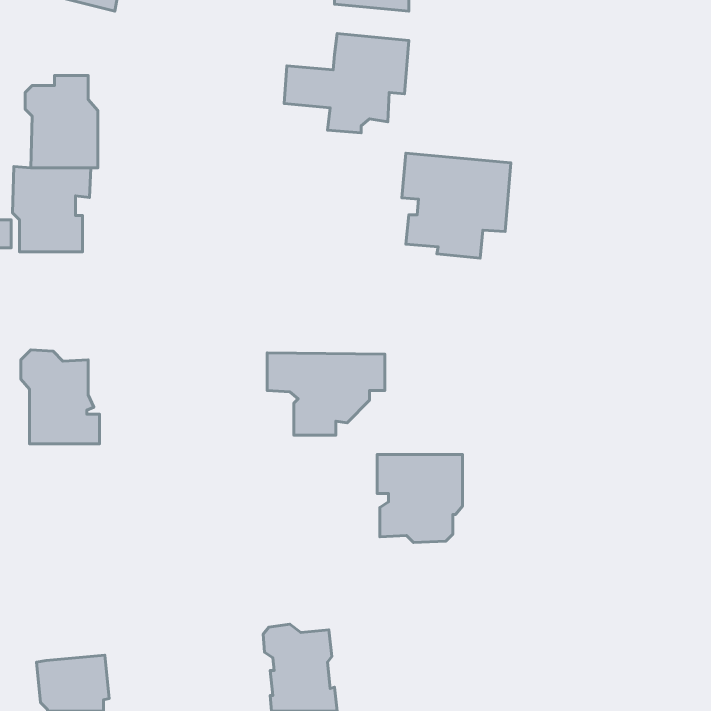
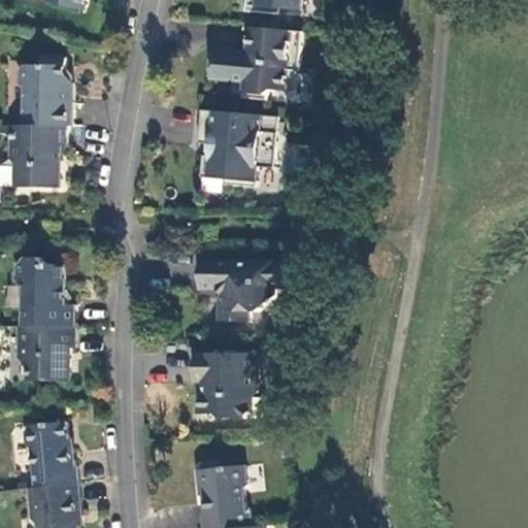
building: [402,153,511,258] -> [197,108,277,186]
building: none -> [16,327,73,382]
building: [377,454,463,543] -> [192,353,255,418]
building: none -> [23,422,77,487]

